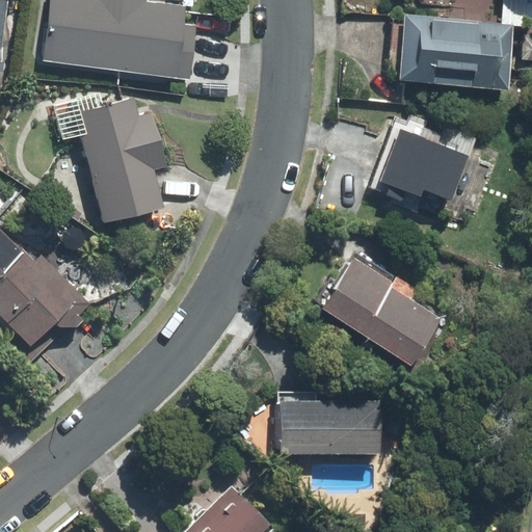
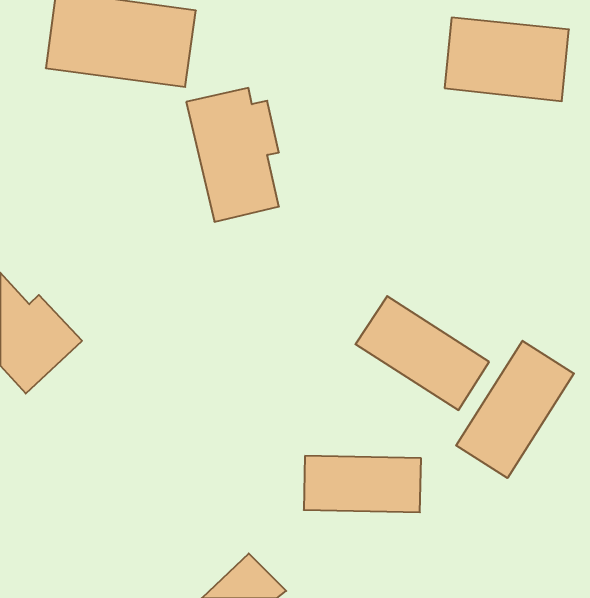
building: [77,104,159,222] -> [186,88,279,222]
building: [382,133,463,202] -> none
building: none -> [456,341,574,478]

